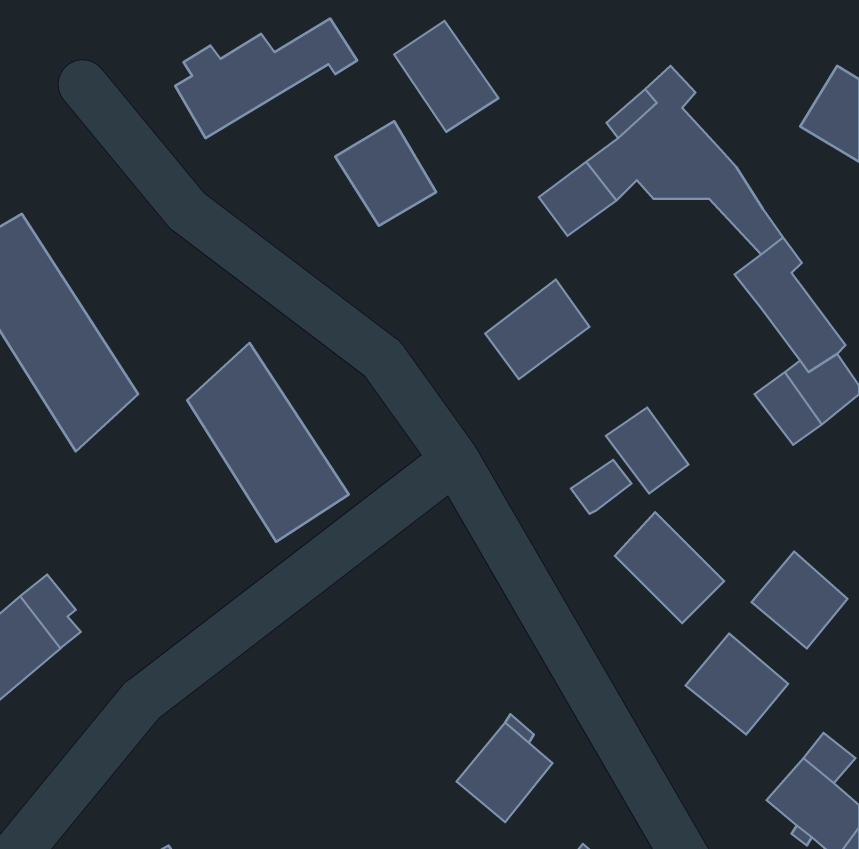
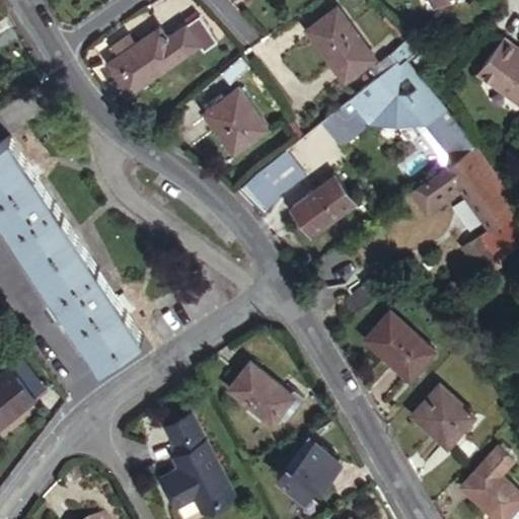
building: [394,21,498,132] -> [305,13,368,80]
building: none -> [240,144,320,214]
building: none -> [409,172,458,217]
building: [187,343,349,542] -> [46,244,143,364]
building: [606,408,689,494] -> none
building: [751,551,848,648] -> none
building: none -> [229,365,302,425]
building: none -> [157,419,226,514]

